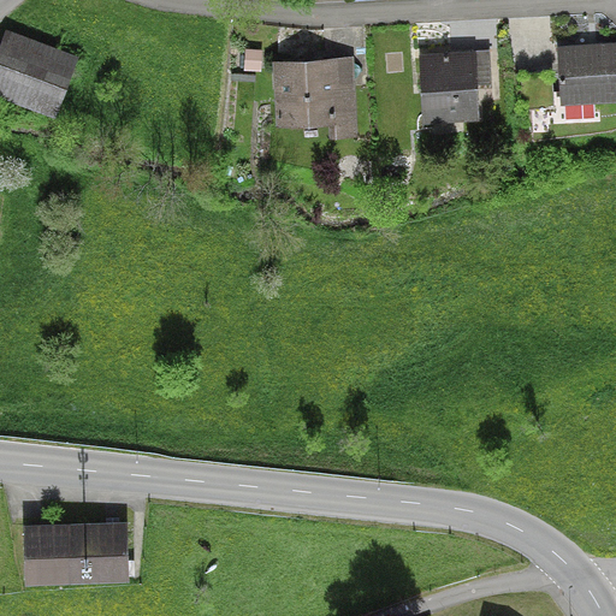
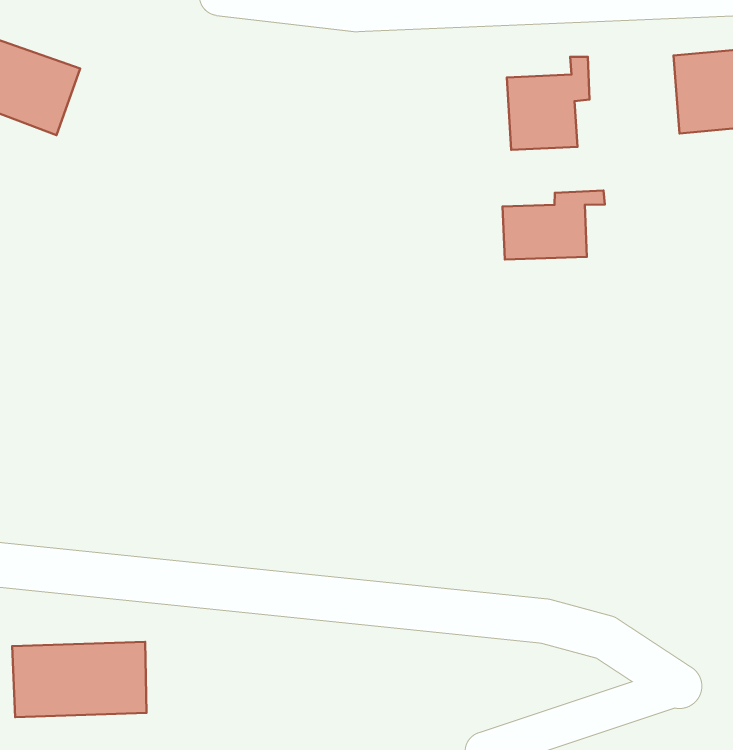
building: [279,49,357,137] -> none
building: none -> [502,190,605,260]

